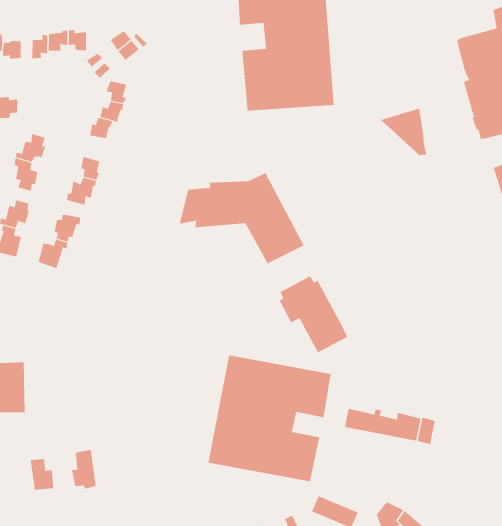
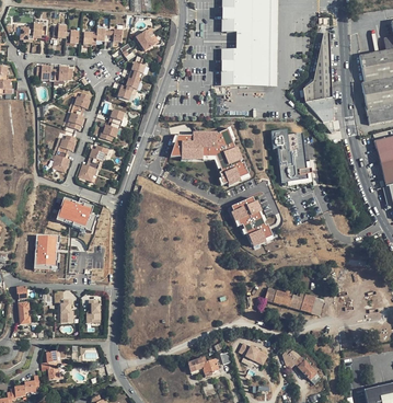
building: none -> [303,32,332,102]
building: none -> [271,130,319,184]
building: none -> [60,200,95,231]
building: [208,354,331,482] -> none

